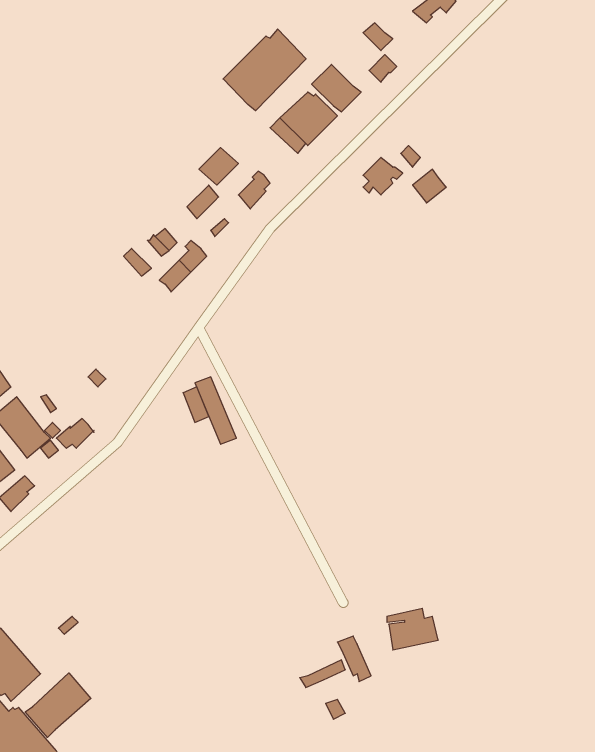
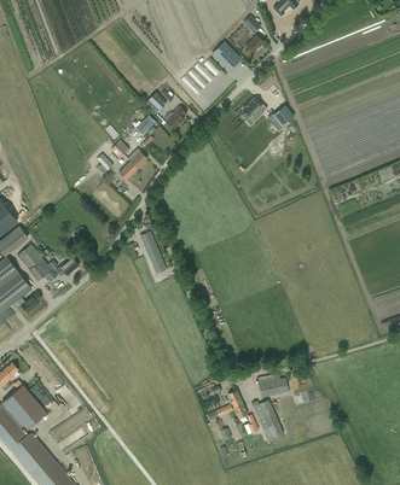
building: [223,29,306,111] -> none
building: none -> [253,399,283,440]
building: [25,673,91,737] -> none

